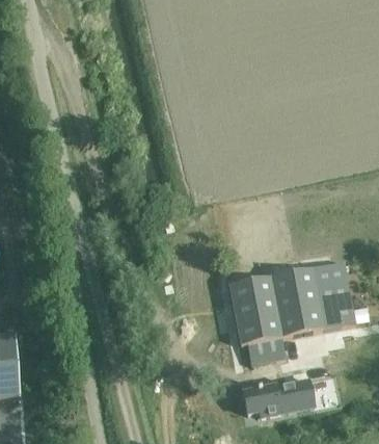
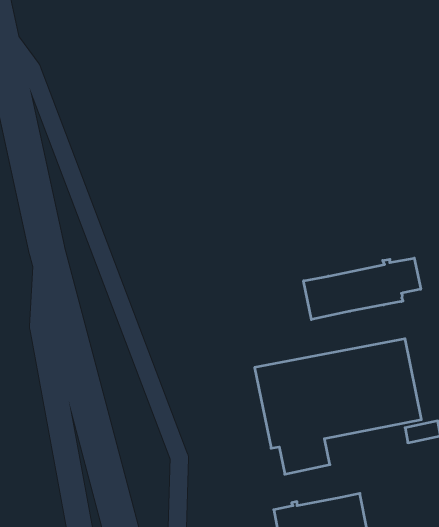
building: none -> [304,258,421,320]

